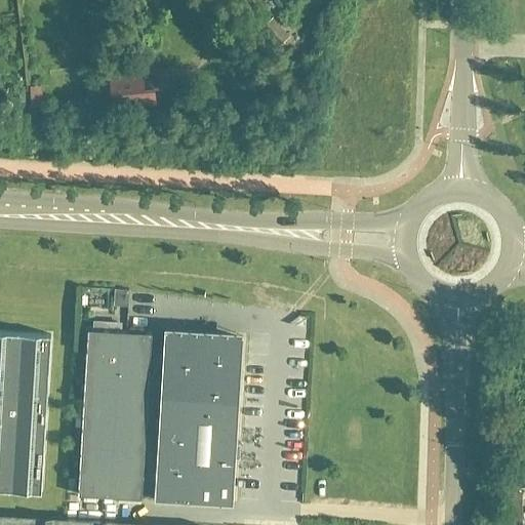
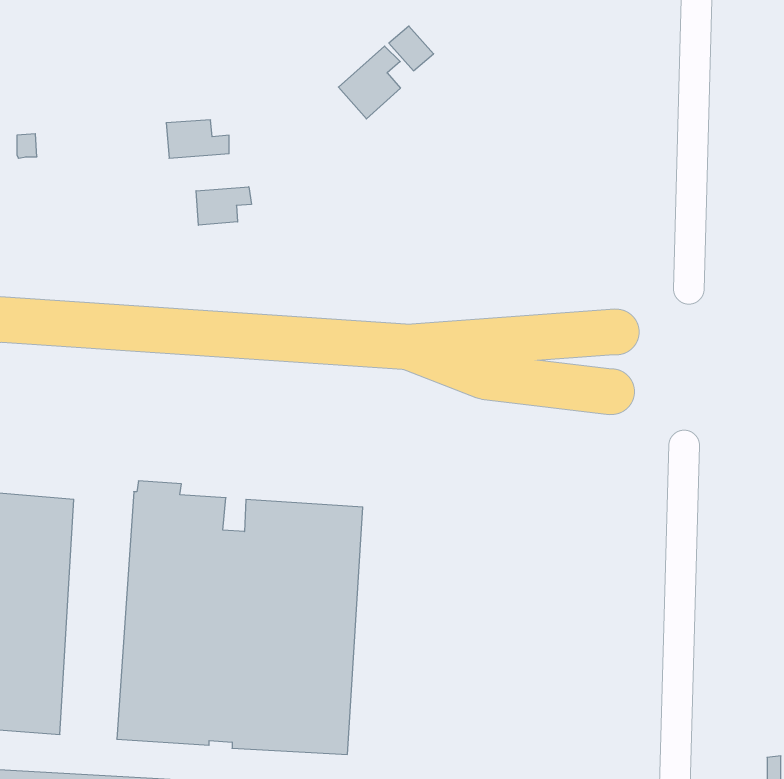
building: none -> [338,46,400,119]
building: none -> [196,187,251,225]

